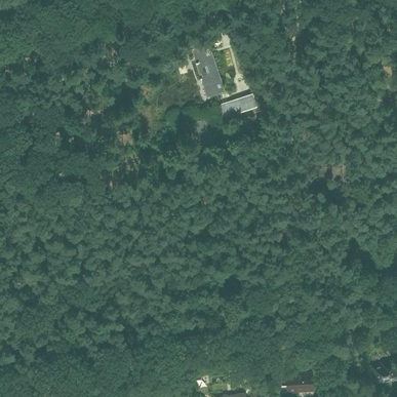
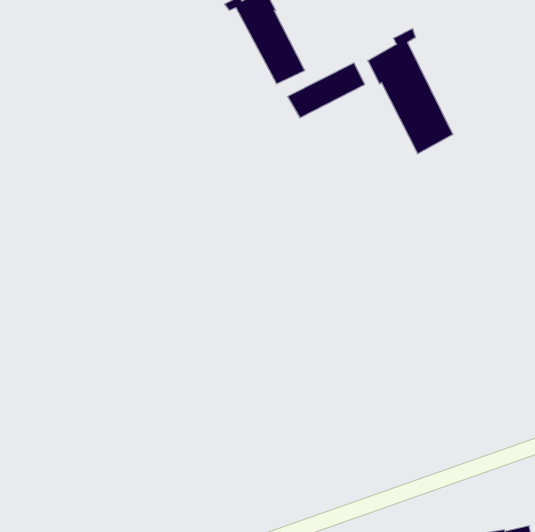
building: none -> [368,29,453,154]

